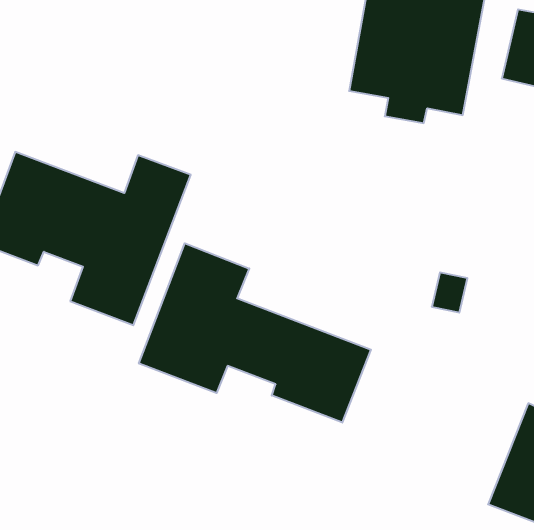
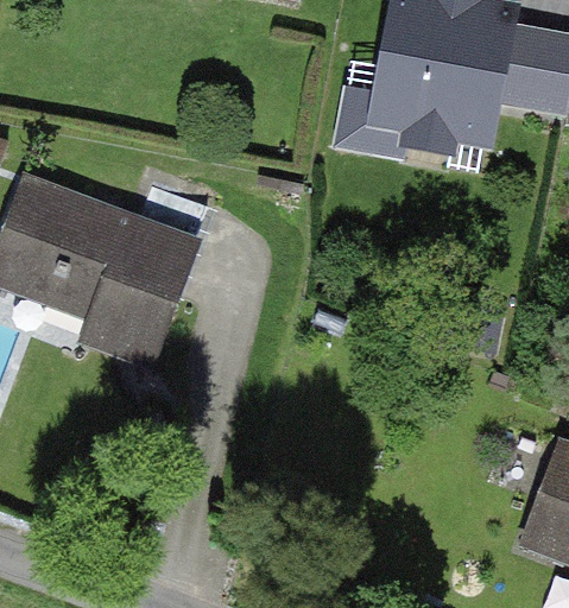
building: [139,243,371,423] -> none

